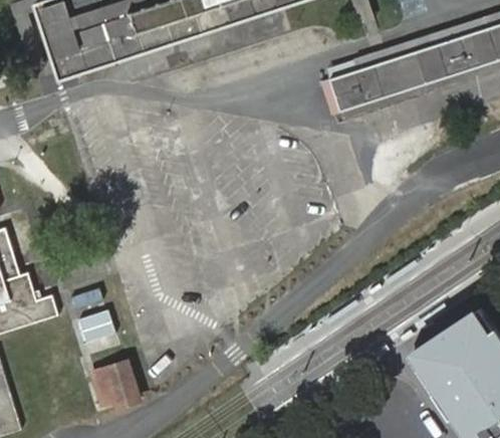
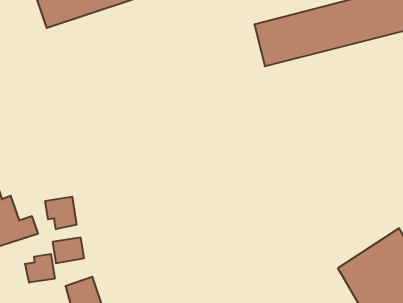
building: none -> [45,197,77,229]
building: none -> [25,254,55,283]

